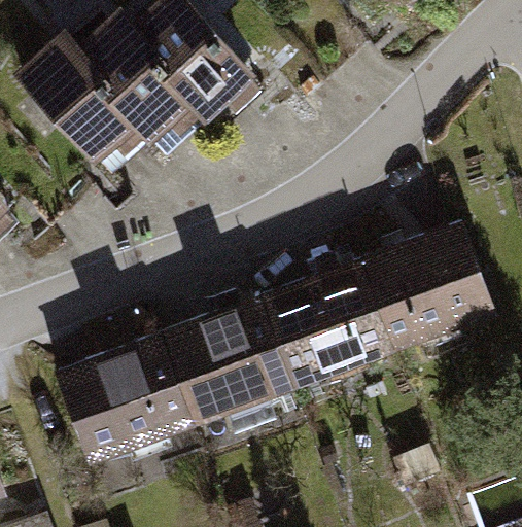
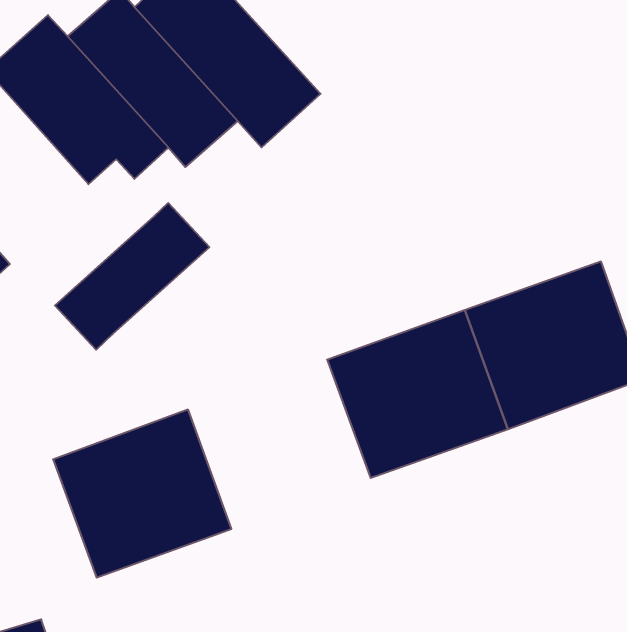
building: none -> [55,203,209,350]
building: [159,295,302,428] -> none

